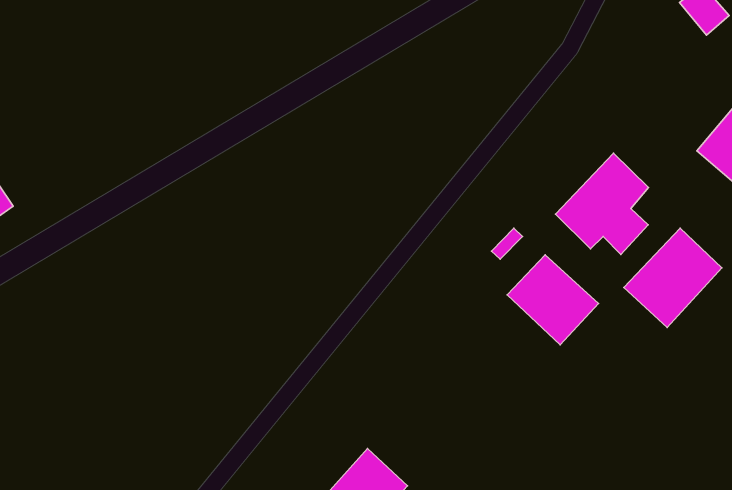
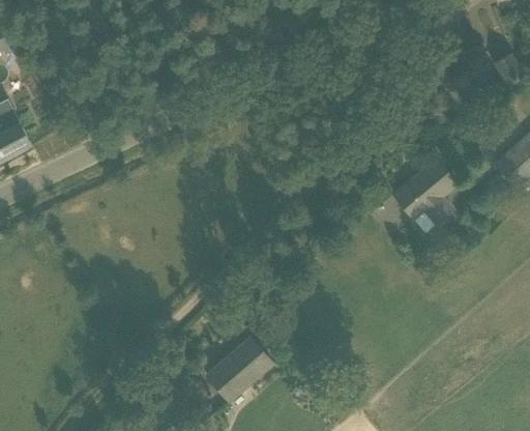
building: [624,228,722,327] -> none
building: [507,255,598,345] -> none

